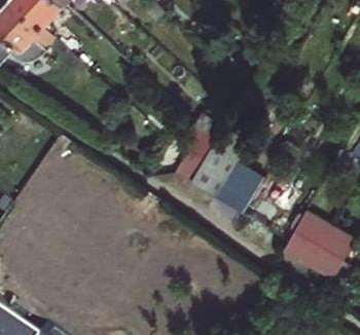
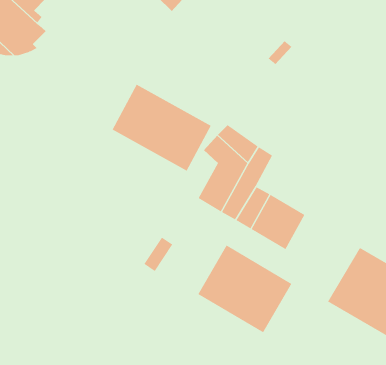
building: none -> [112,84,212,171]
building: none -> [197,245,292,333]

